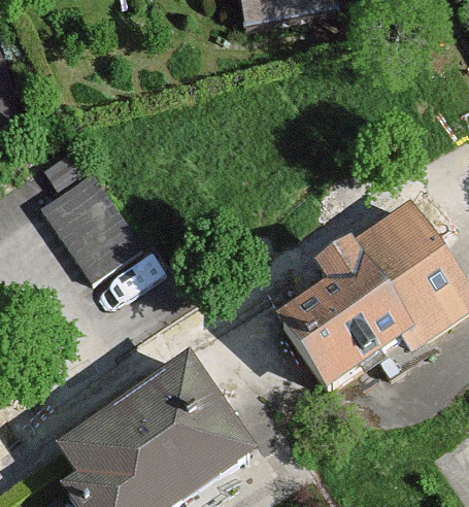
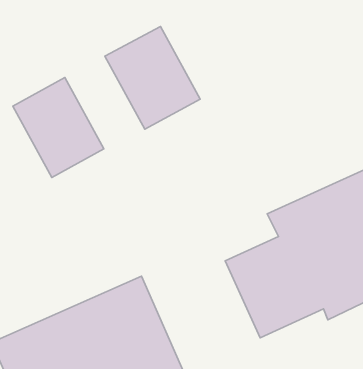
building: none -> [105,26,200,129]

